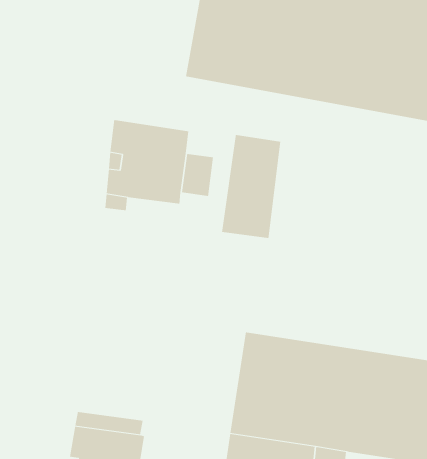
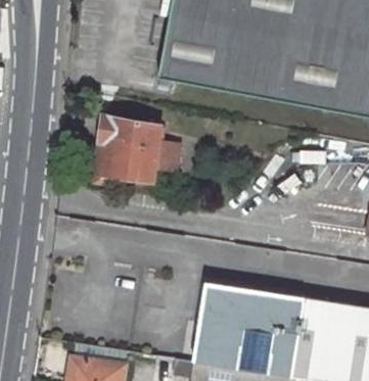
building: [222,134,281,239] -> none

